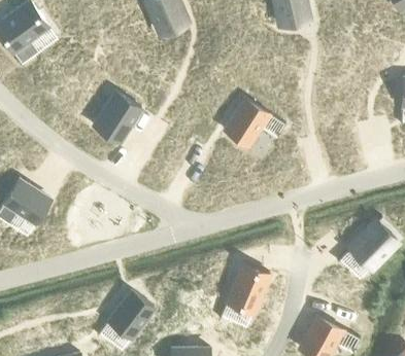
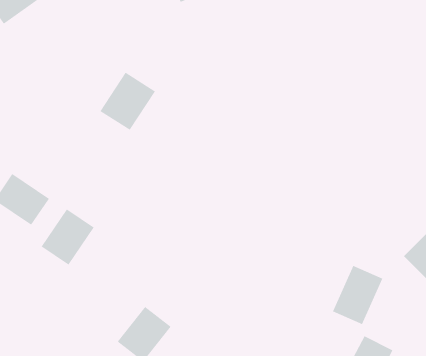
building: [225,101,268,148] -> none
building: none -> [41,208,94,265]
building: [227,265,270,316] -> [332,265,383,325]

